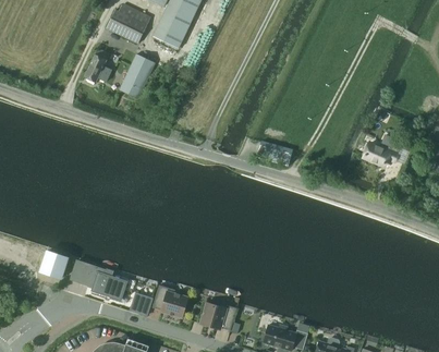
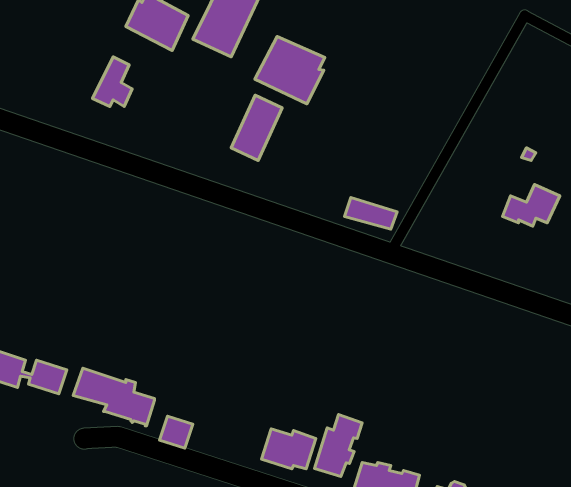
building: none -> [255,36,325,104]
building: [120,53,155,98] -> [231,95,282,161]
building: [153,284,187,317] -> none
building: none -> [315,414,362,476]

